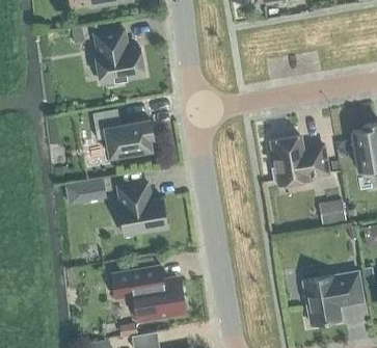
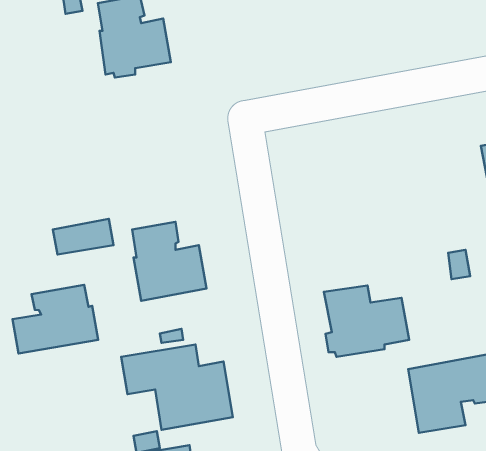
building: [91,109,152,159] -> none
building: [270,136,327,184] -> [324,286,409,357]
building: none -> [13,285,98,353]

